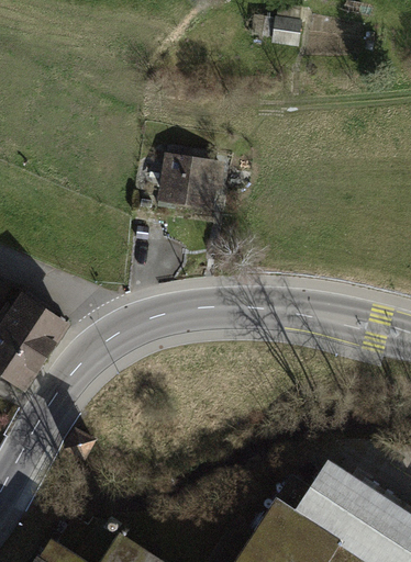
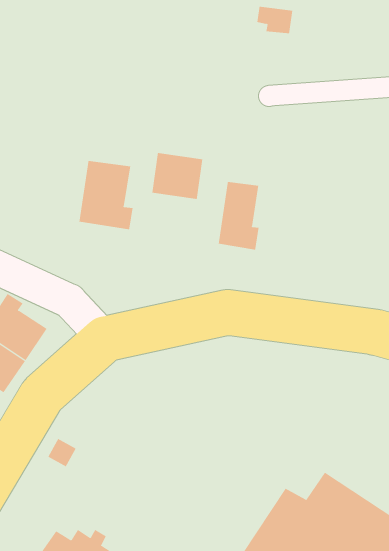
building: none -> [79,160,133,230]
building: none -> [218,181,259,250]

